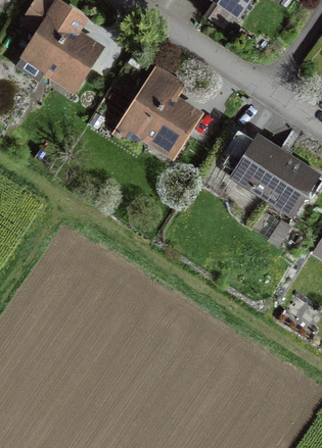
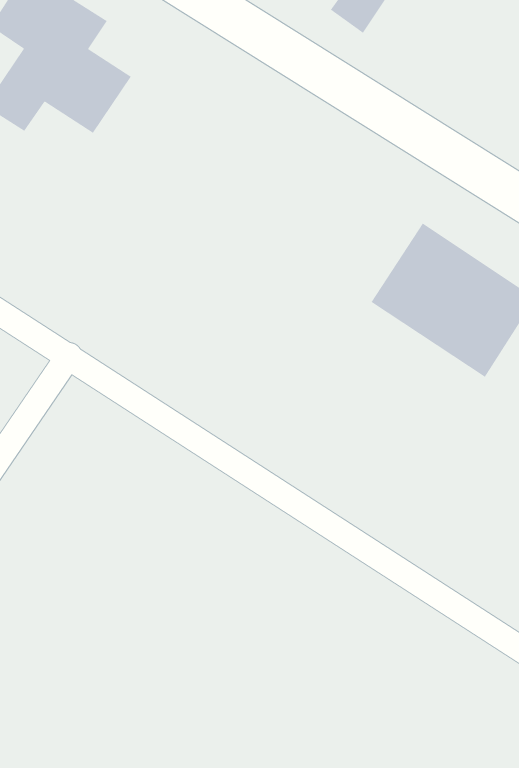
building: [116,70,199,148] -> none

